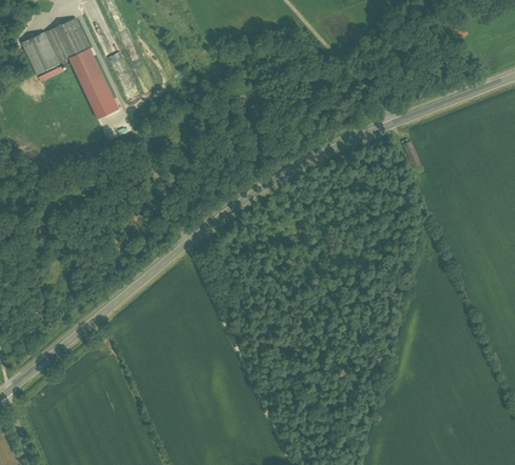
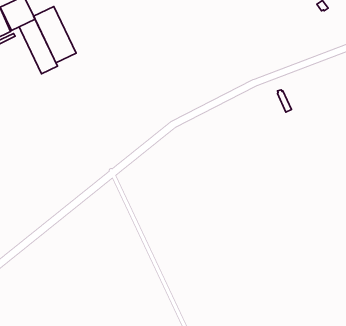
building: none -> [34,6,76,63]

